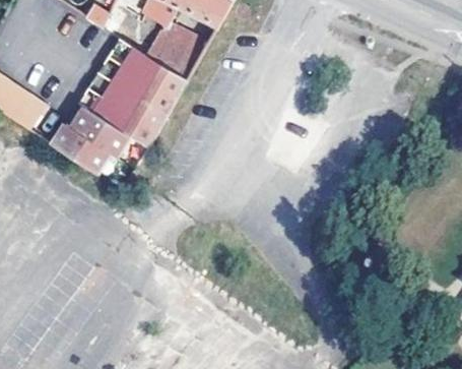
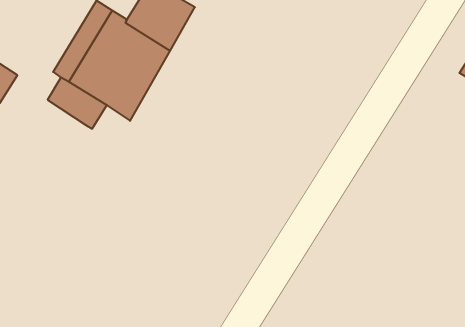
building: [54,123,110,171] -> none

